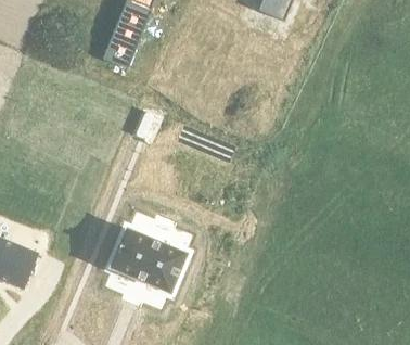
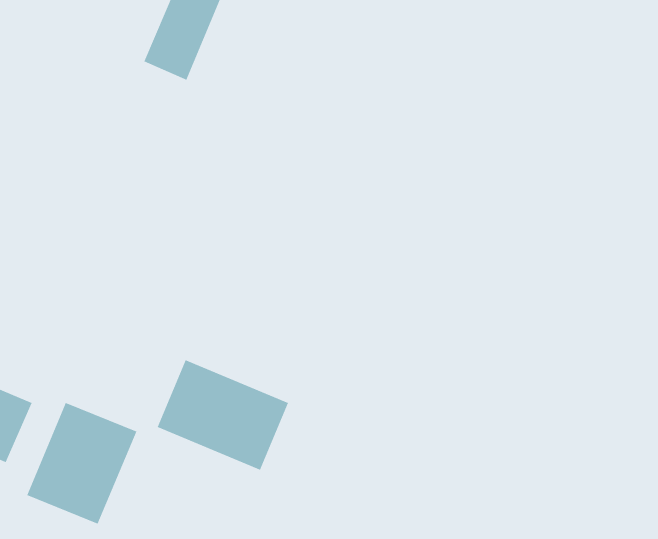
building: none -> [27,402,137,524]

